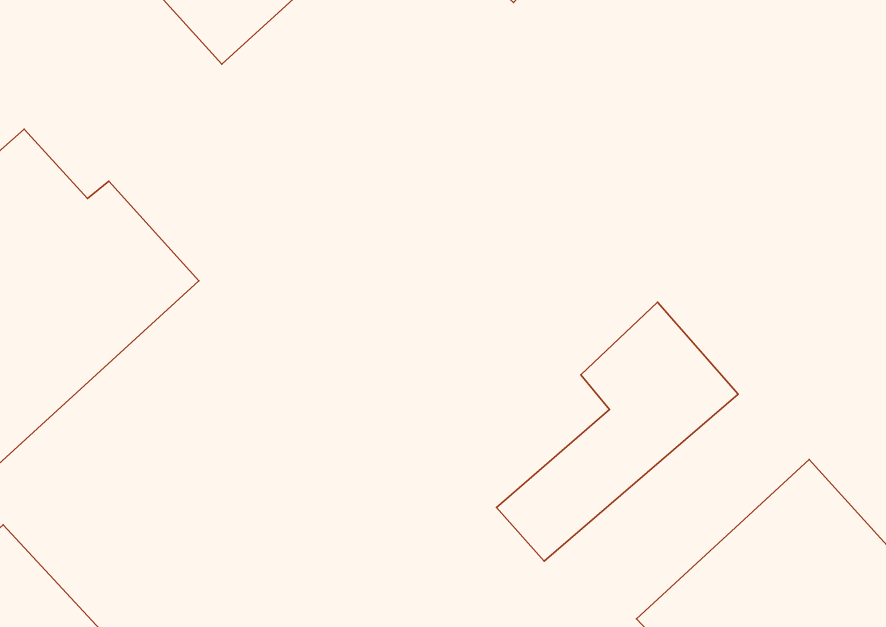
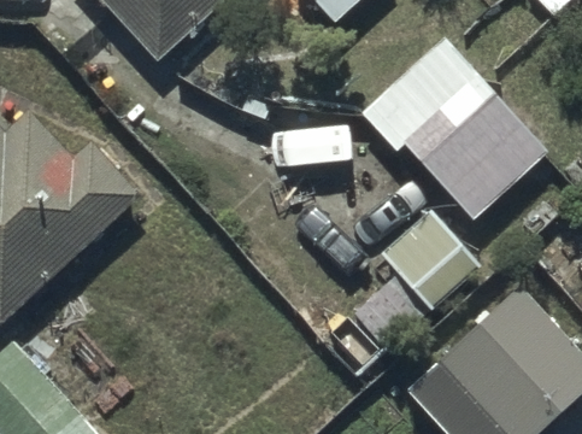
building: none -> [357,30,548,215]

